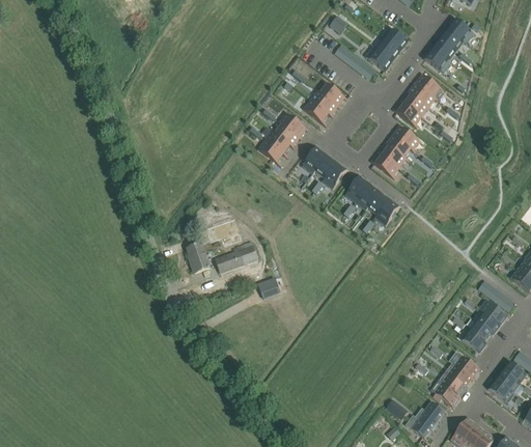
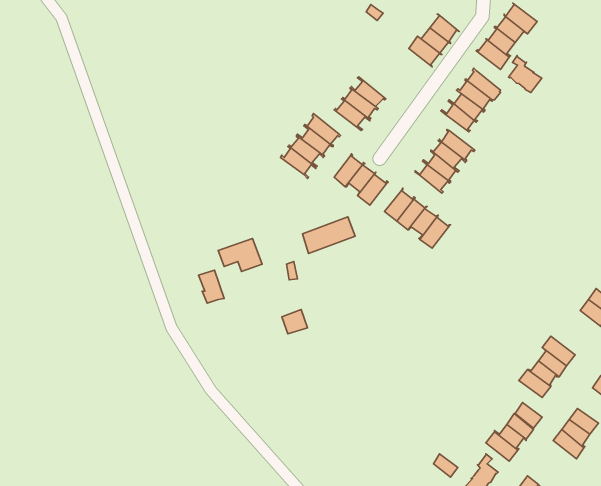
building: none -> [509,56,542,92]
building: [217,242,261,273] -> [302,217,355,253]

